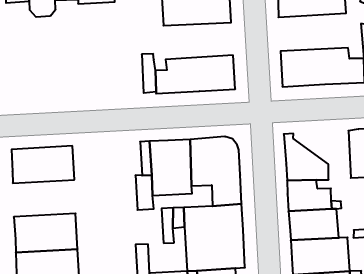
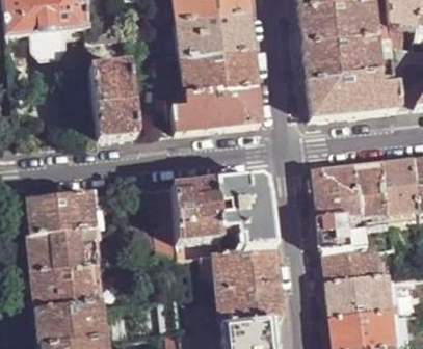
building: none -> [303,32,380,77]
building: none -> [180,49,257,92]
building: none -> [90,60,137,138]
building: none -> [326,159,391,213]
building: none -> [26,227,96,271]

